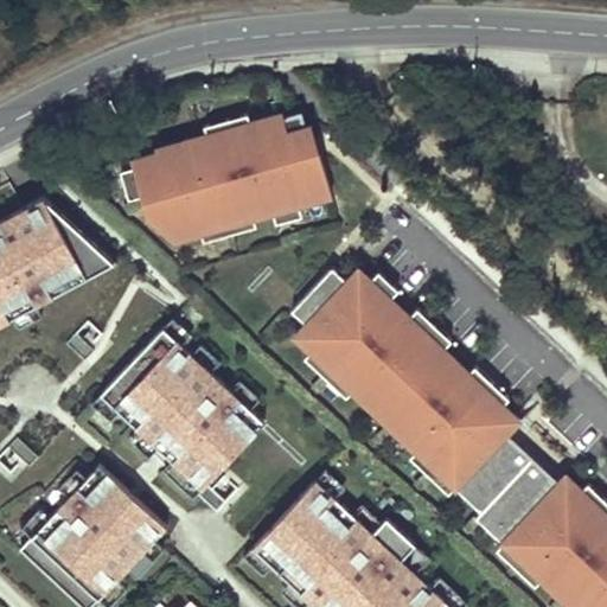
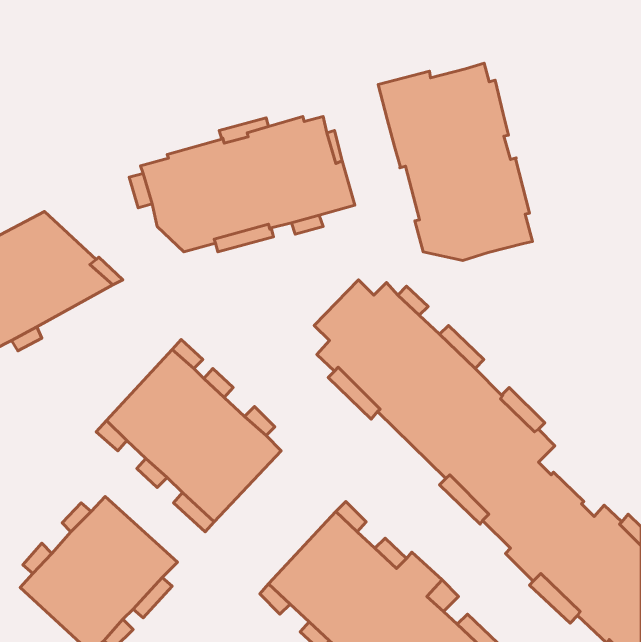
building: none -> [378,63,532,260]

